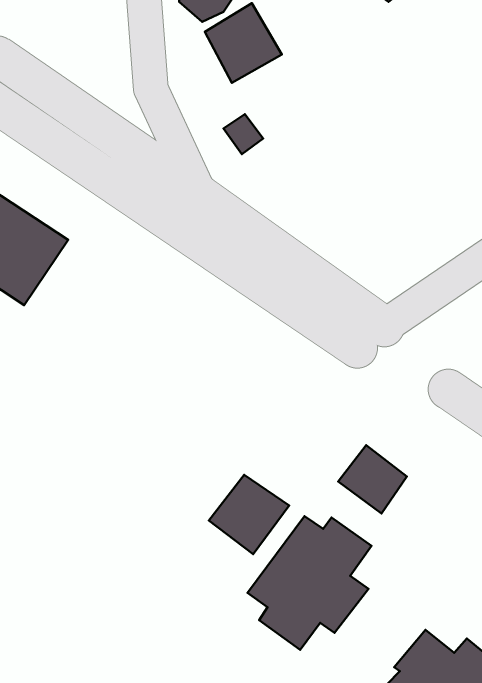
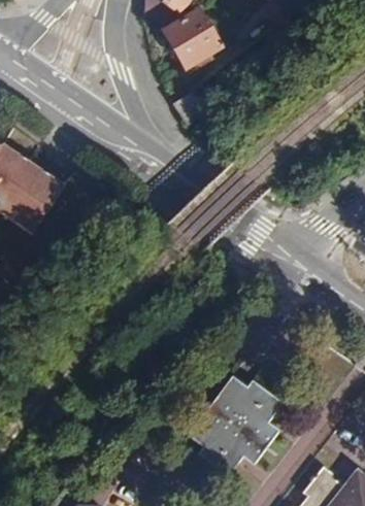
building: [338,445,407,514] -> none
building: [209,475,289,554] -> none

